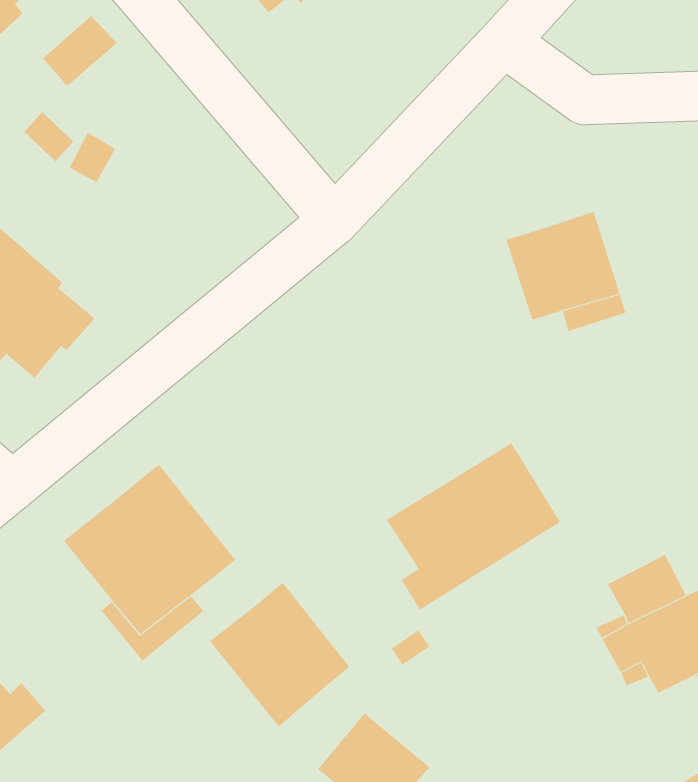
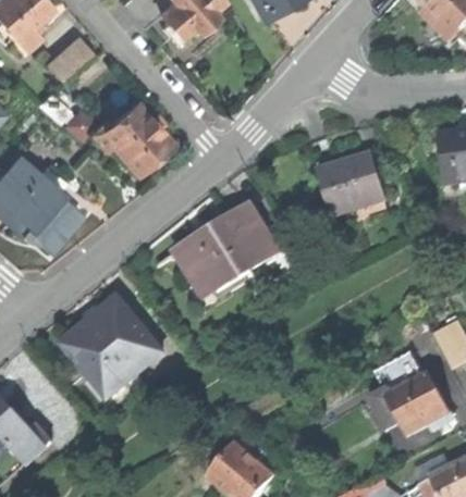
building: none -> [91,103,173,174]
building: [386,443,561,610] -> [176,207,278,303]
building: [209,582,350,727] -> none

